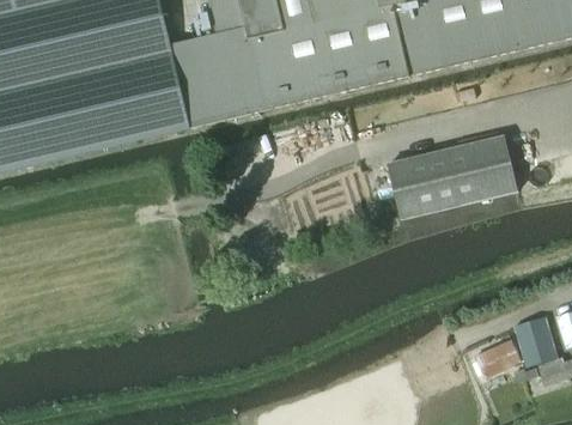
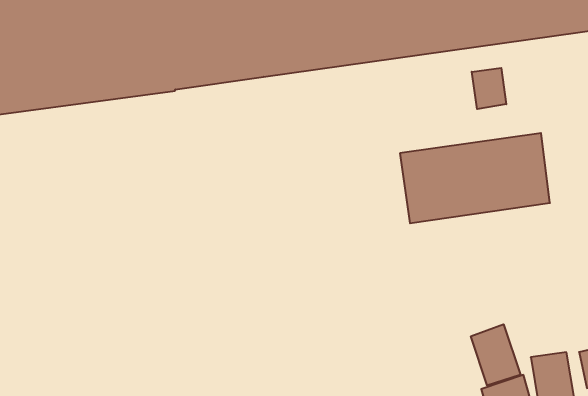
building: none -> [472,68,506,109]
building: none -> [471,324,521,386]

